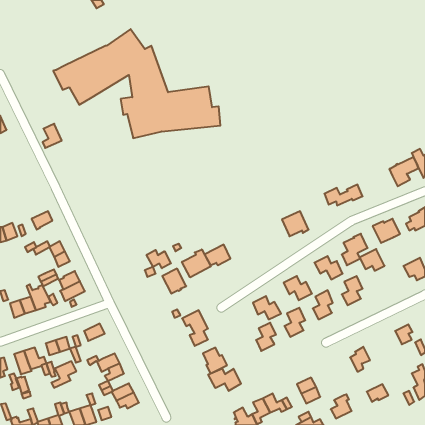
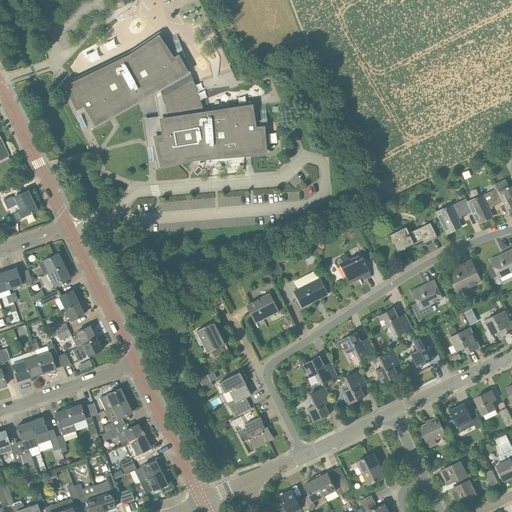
building: [43,124,62,148] -> [13,191,36,220]
building: none -> [437,198,472,234]
building: none -> [40,265,69,291]
building: none -> [293,271,327,306]
building: [360,249,385,271] -> [450,328,480,354]
building: [182,249,211,277] -> none
building: [147,250,171,268] -> none
building: none -> [451,404,482,433]
building: [51,361,76,388] -> [102,401,132,433]
building: [208,368,241,391] -> none
building: [331,394,352,418] -> [451,474,476,503]

